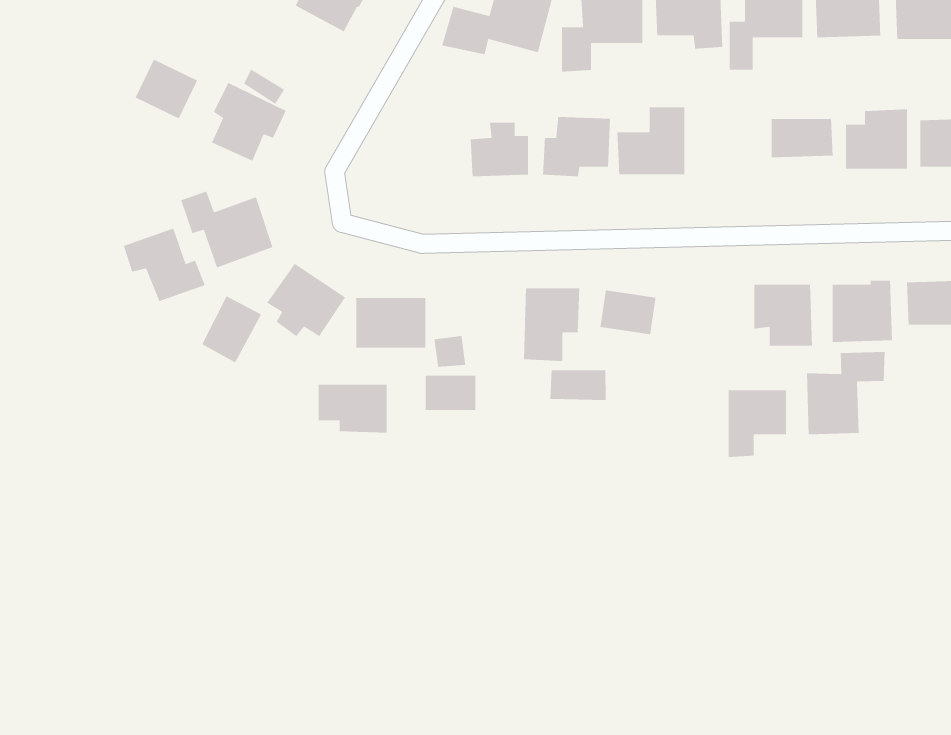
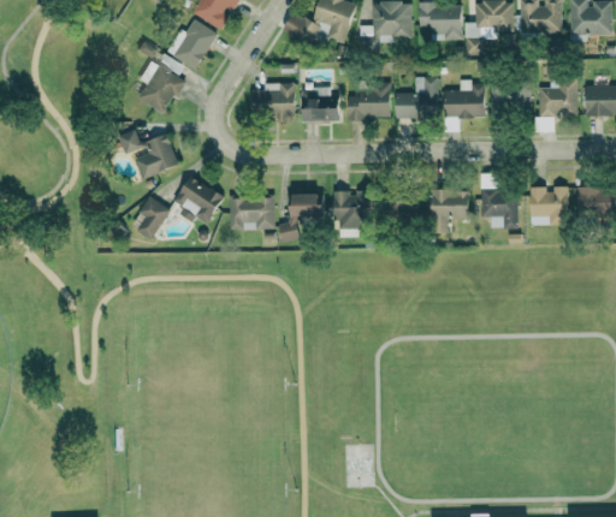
building: none -> [168,18,218,70]
building: [134,59,198,119] -> none
building: none -> [444,82,486,118]
building: none -> [251,83,295,117]
building: [123,227,206,302] -> none
building: [806,351,886,435] -> none
building: [550,369,606,401] -> none
building: [425,375,476,411] -> [291,194,324,216]
building: [318,384,387,433] -> none
building: [728,389,787,458] -> [432,190,469,233]

